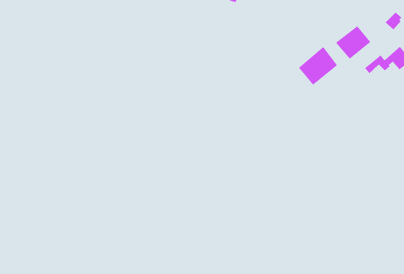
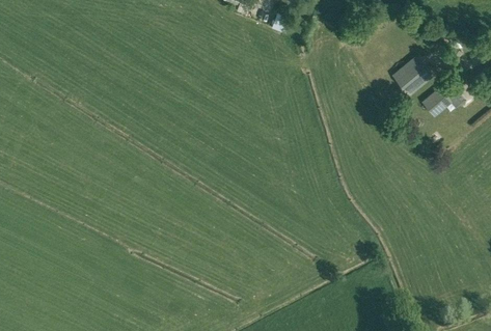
building: [298,46,338,86] -> none

